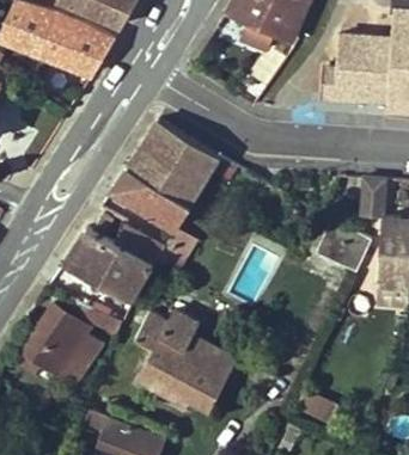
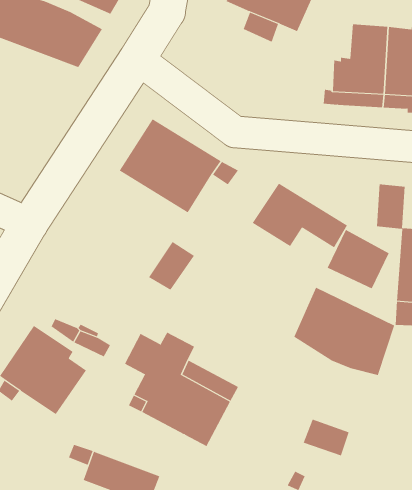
building: [105,167,191,226] -> [252,183,348,248]
building: [66,229,154,299] -> none
building: none -> [294,287,395,376]

